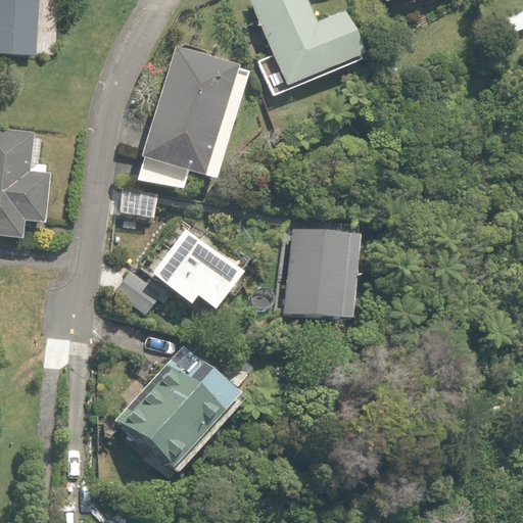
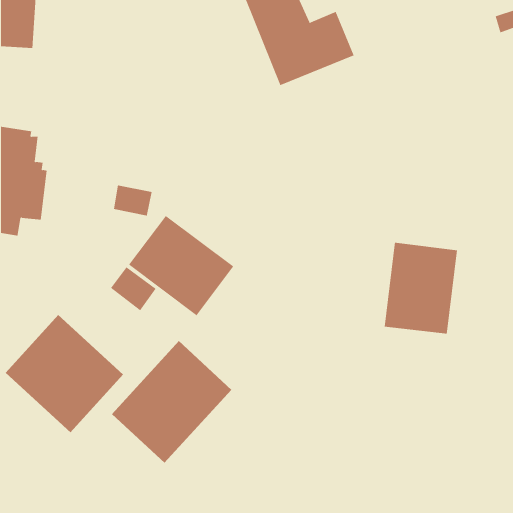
building: [134,50,245,195] -> none
building: [281,229,355,322] -> [384,242,458,334]
building: none -> [5,314,124,433]

